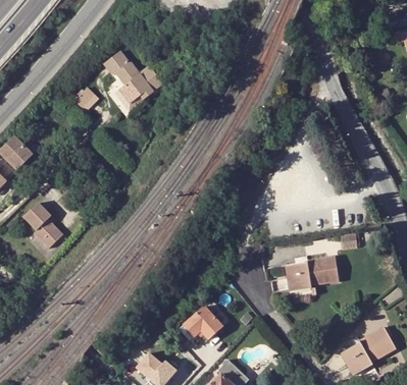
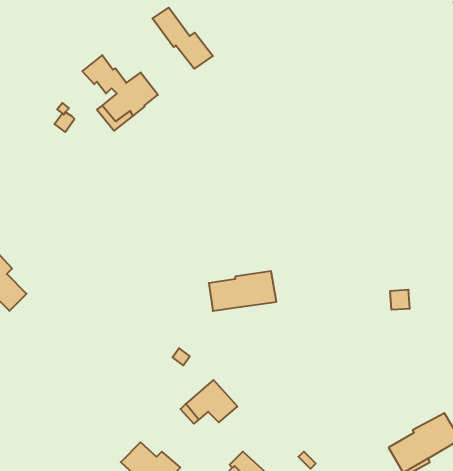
building: none -> [152,8,213,69]
building: [287,258,339,288] -> [209,271,276,311]

